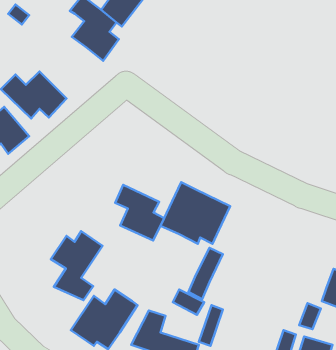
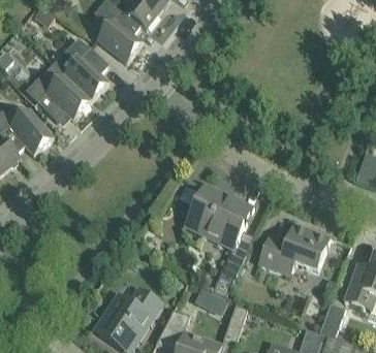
building: none -> [53,36,108,100]
building: [115,185,164,240] -> none
building: none -> [257,223,331,276]
building: [51,231,103,300] -> none

